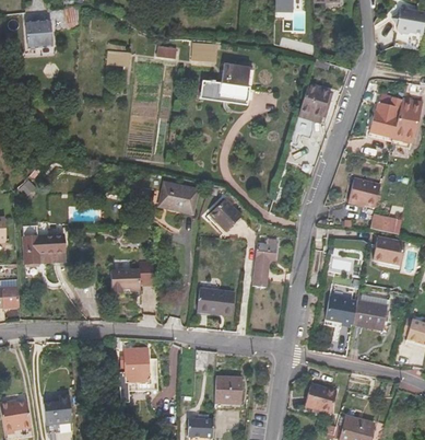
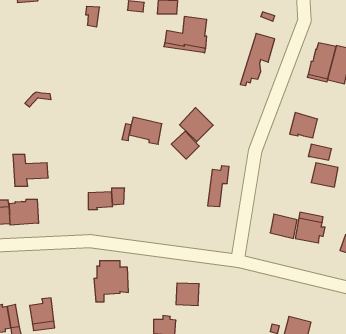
building: none -> [180,108,213,142]
building: none -> [9,199,38,225]
building: [198,289,235,315] -> none
building: [306,383,337,412] -> none

